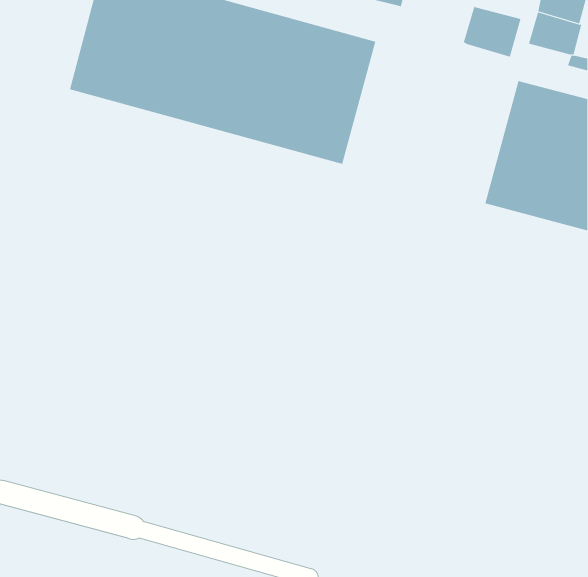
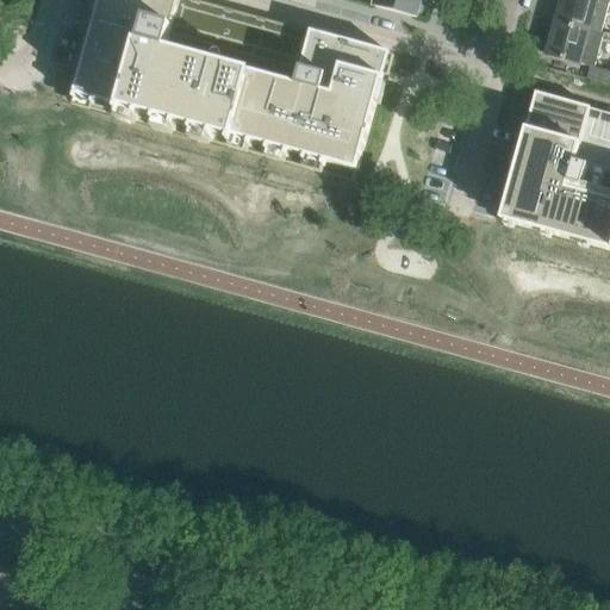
building: [463,5,521,58] -> none

